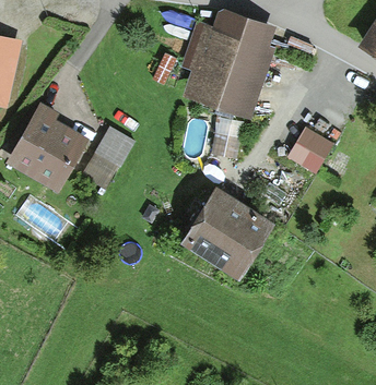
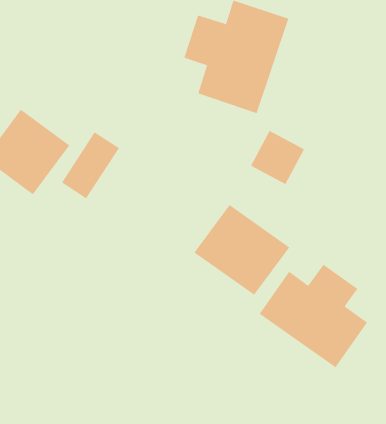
building: [289,128,336,175] -> [250,130,305,185]
building: none -> [259,264,368,368]

